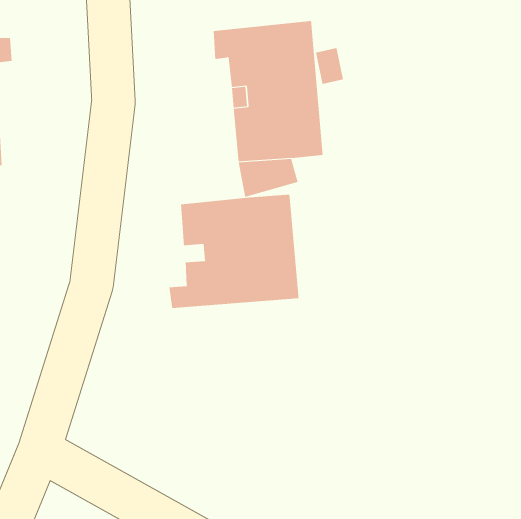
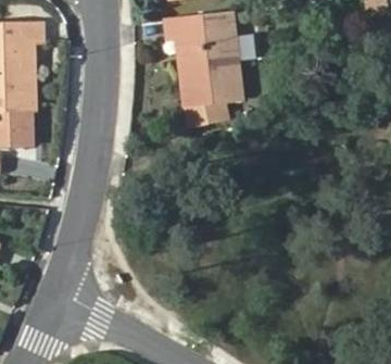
building: [169,194,299,309] -> none

